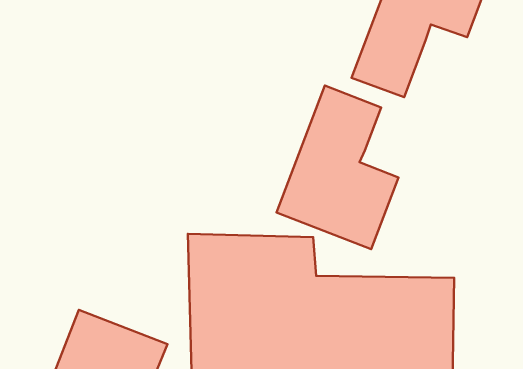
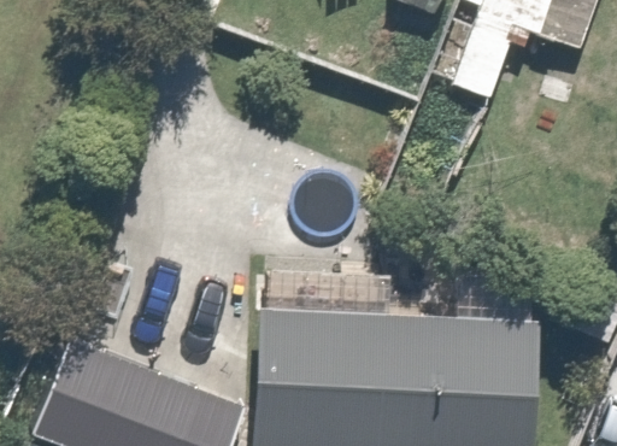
building: [277,86,398,249] -> none

